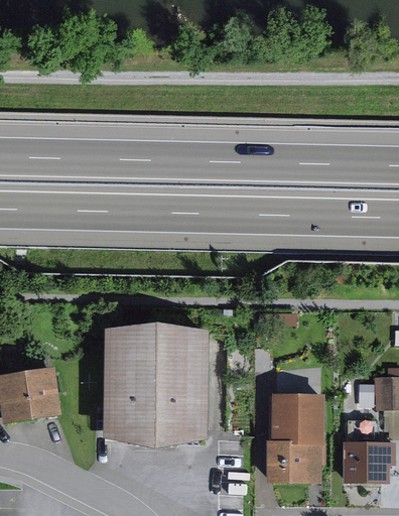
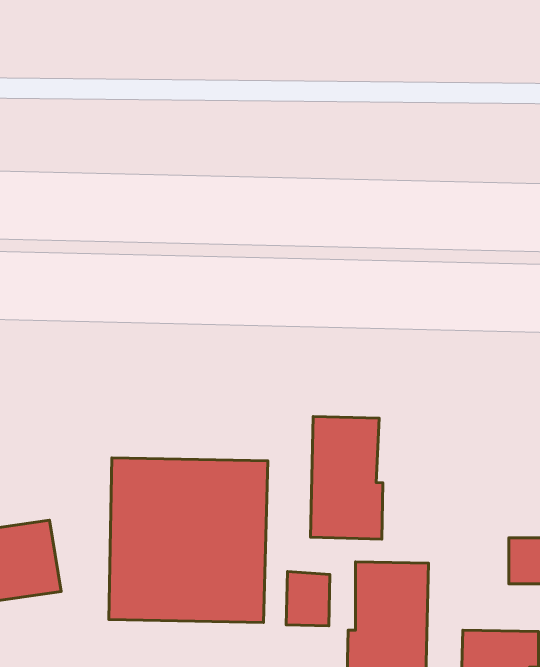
building: none -> [311,417,383,539]
building: none -> [286,572,330,626]

